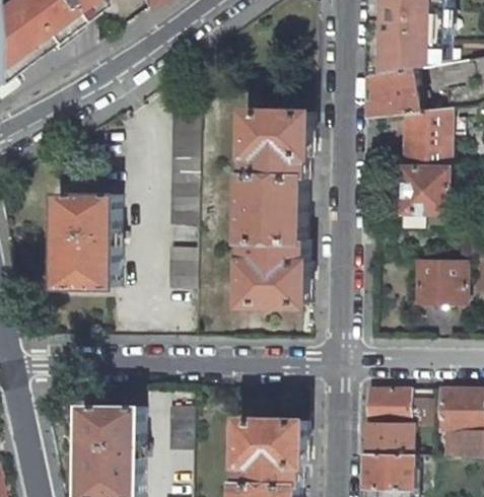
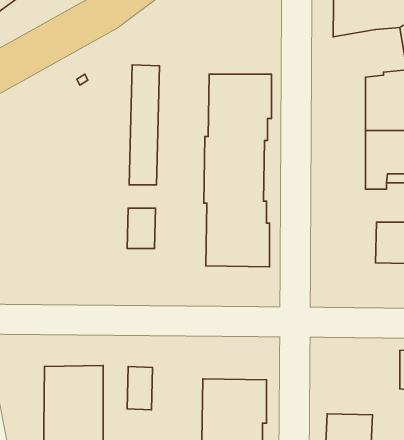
building: [369,67,420,118] -> none
building: [54,194,114,287] -> none
building: [363,388,427,454] -> none

